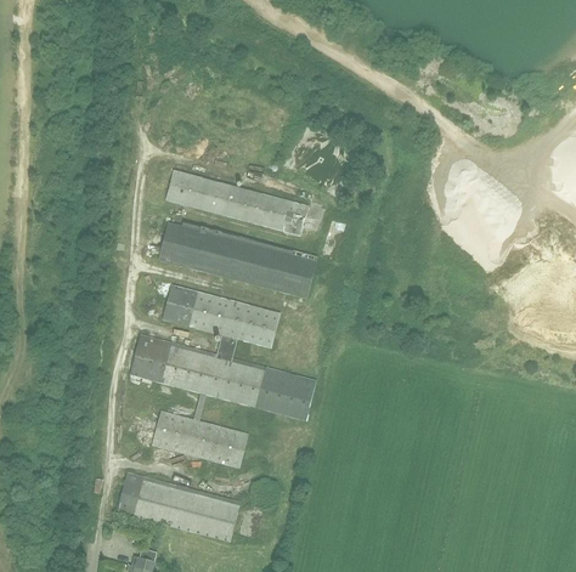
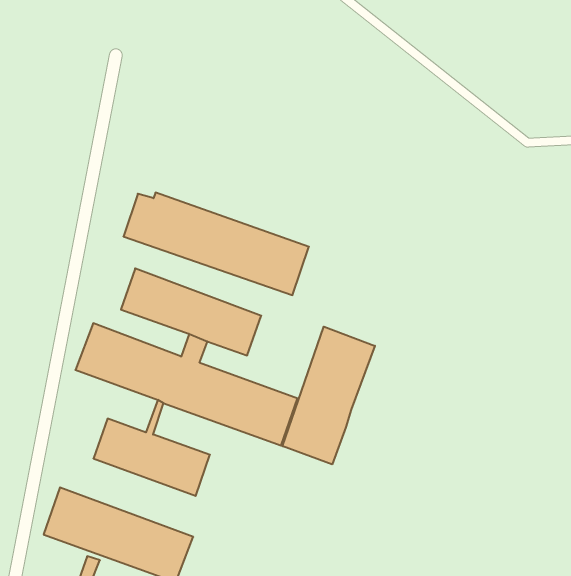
building: [165,170,309,236] -> none
building: none -> [282,327,375,464]

